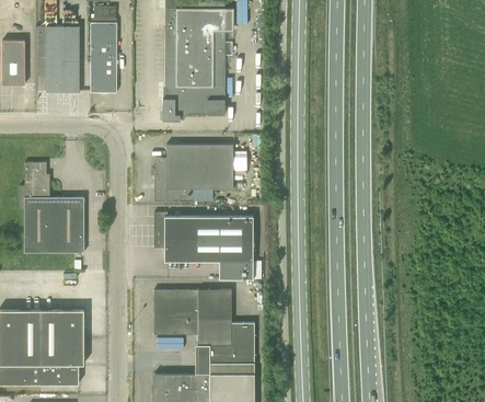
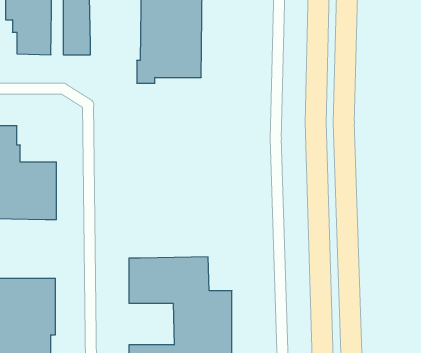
building: [154,143,233,200] -> none
building: [154,211,253,278] -> none

